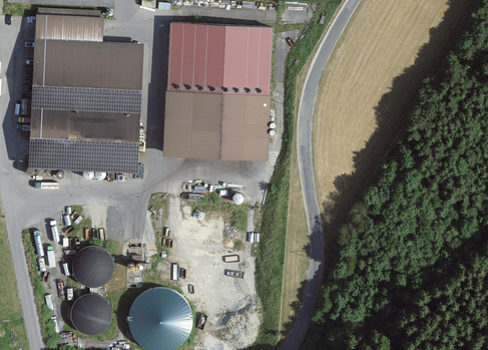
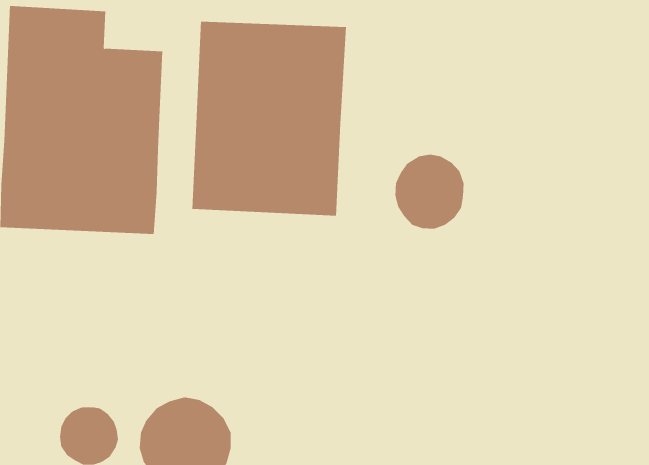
building: none -> [395,154,464,230]
building: [72,245,113,287] -> none

